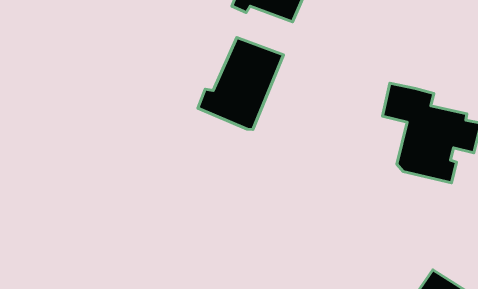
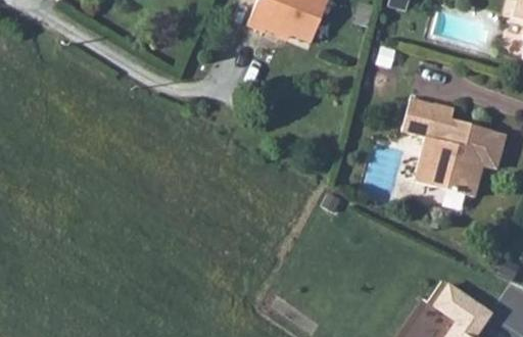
building: [198,37,283,130] -> none

